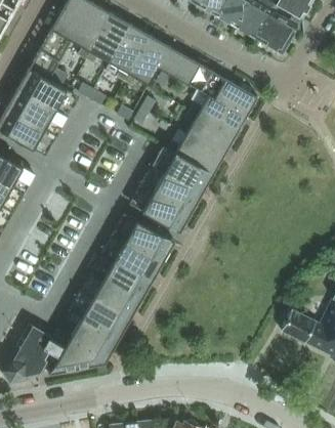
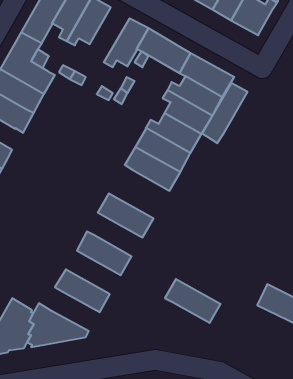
building: [109,25,150,81] -> none
building: none -> [202,83,247,143]
building: [133,186,191,232] -> none
building: [106,236,163,281] -> [165,279,221,323]
building: [84,274,140,319] -> none
building: [61,312,119,357] -> none

